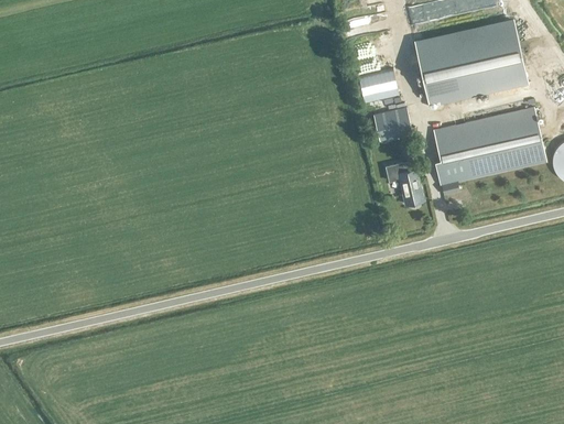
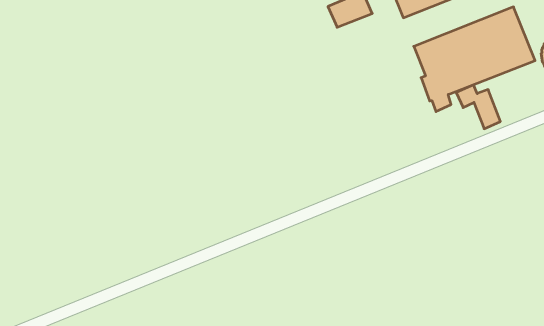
building: [373,108,411,141] -> none
building: [384,162,422,205] -> [456,85,500,129]

